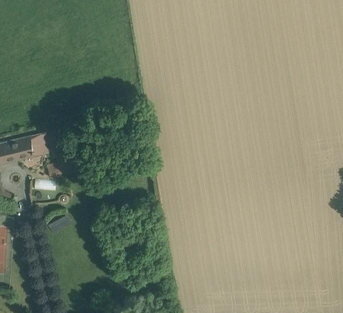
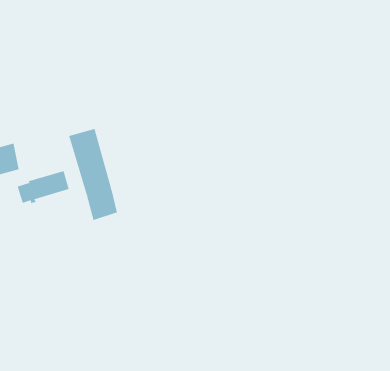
building: none -> [69,128,117,221]

